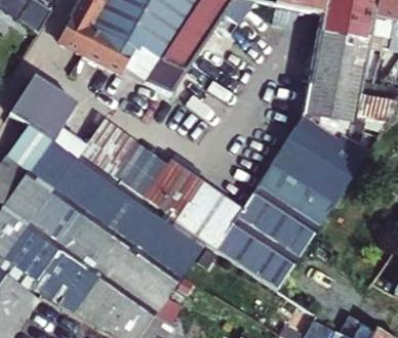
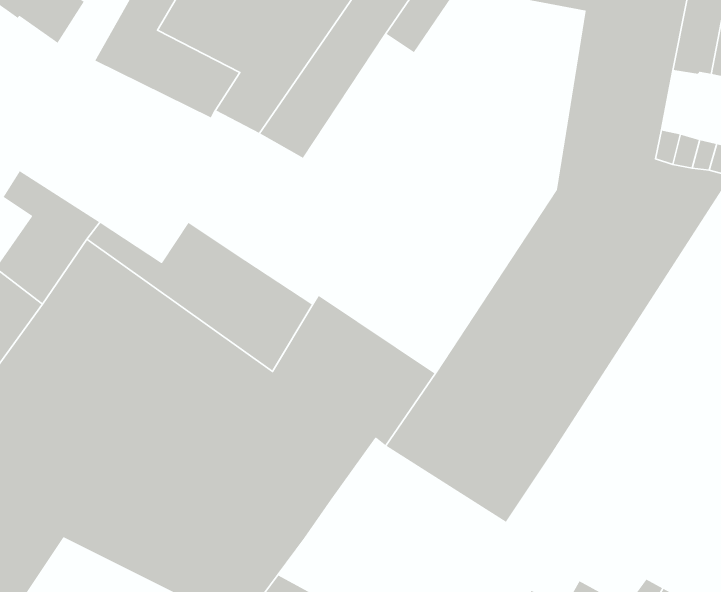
building: [16,77,74,126] -> none

